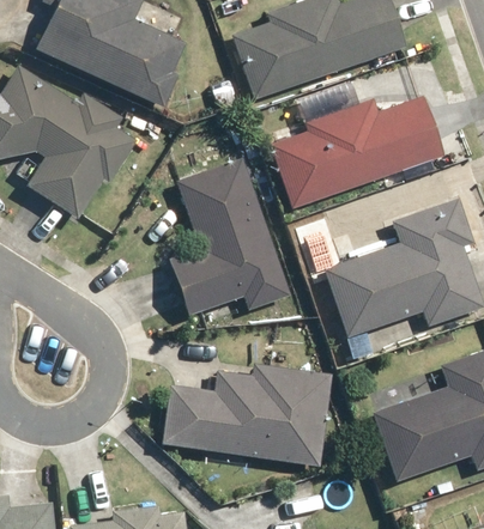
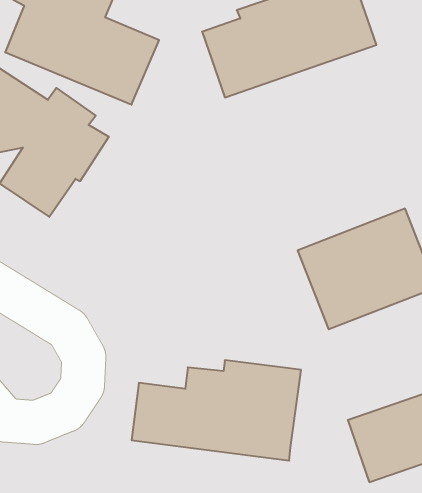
building: [271,93,446,207] -> none
building: [171,156,292,315] -> none

